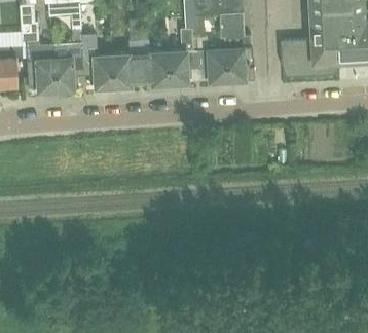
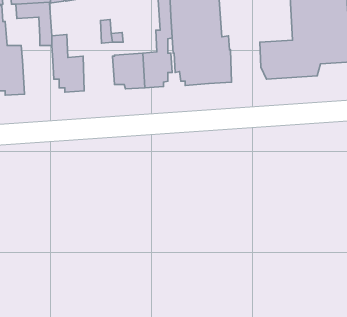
building: [112,53,142,87] -> none
building: [54,58,84,90] -> none

